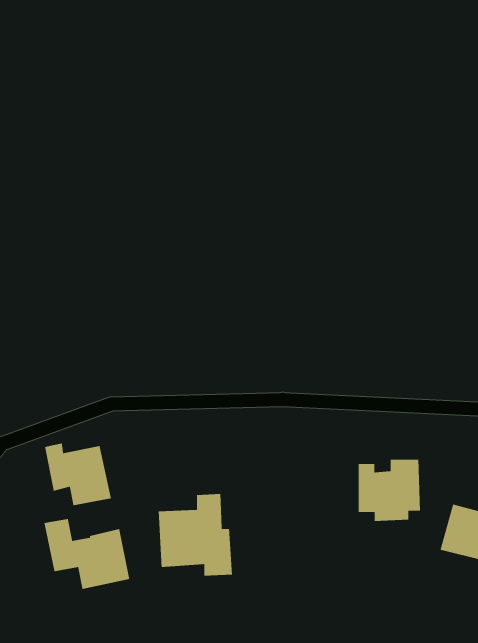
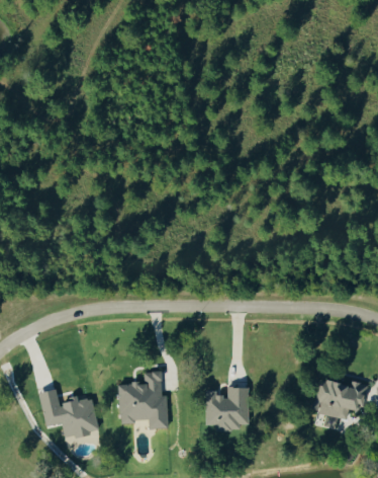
building: [44,443,112,506] -> none
building: [358,459,421,522] -> [205,388,249,431]

